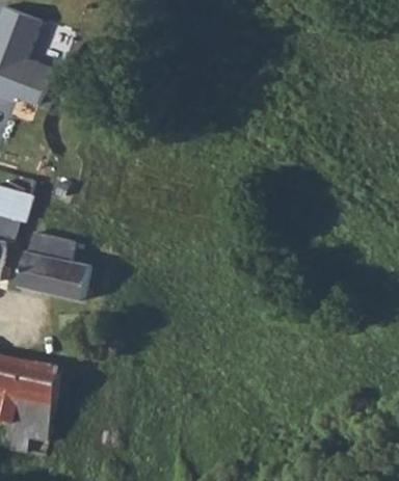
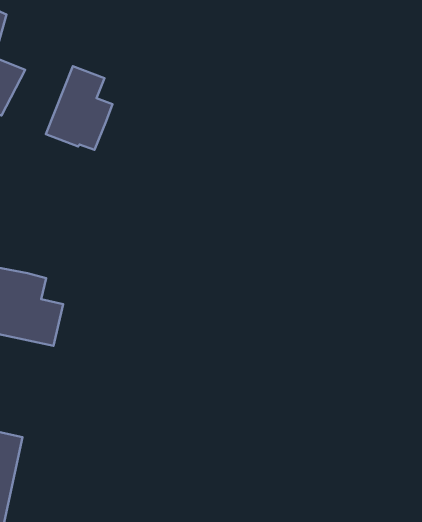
building: none -> [46,66,112,150]

